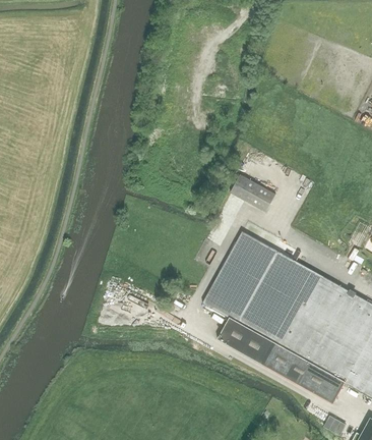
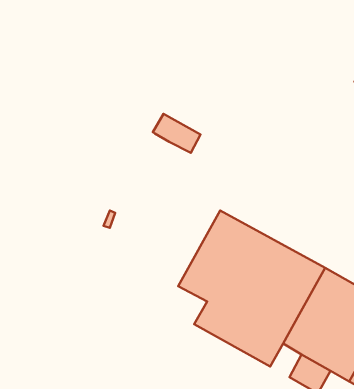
building: [230,174,274,211] -> [153,114,200,153]
building: [288,356,317,388] -> none

